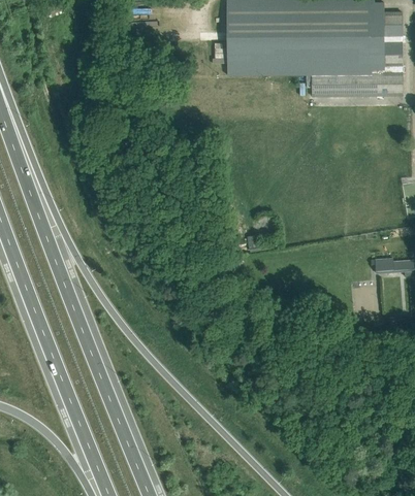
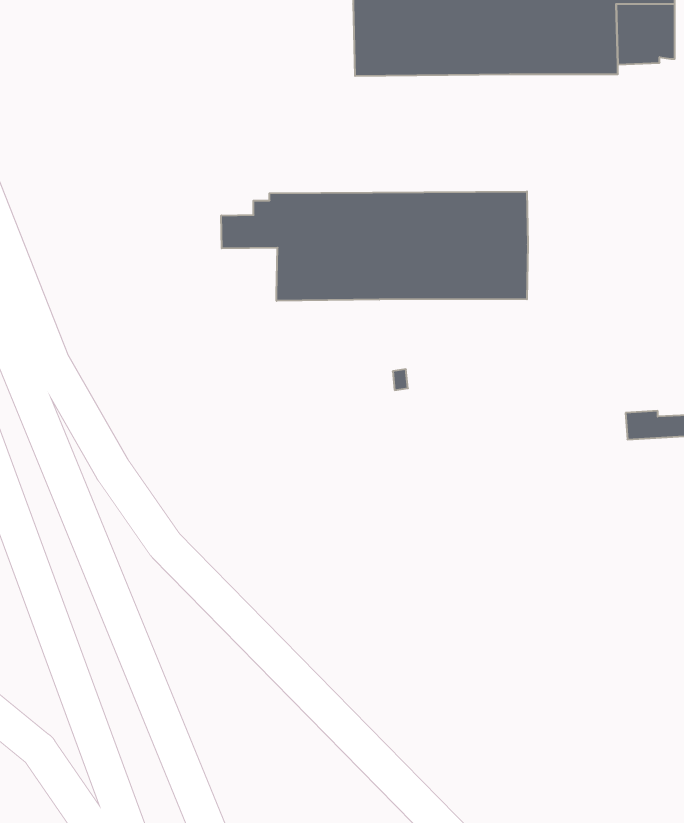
building: [312,65,402,96] -> none
building: none -> [221,191,528,301]

